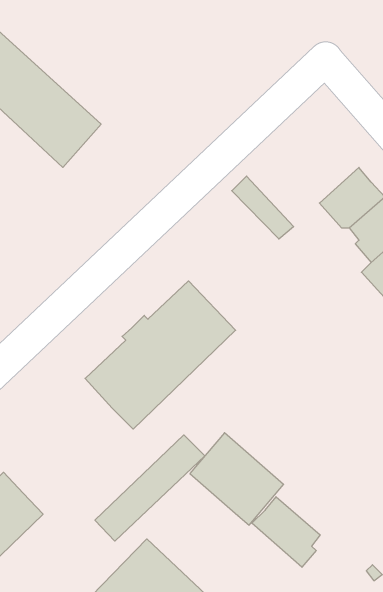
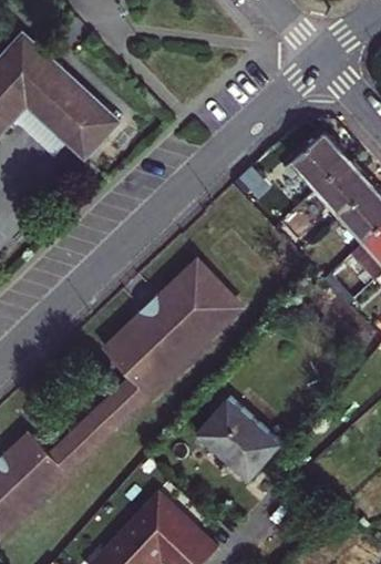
building: none -> [282,133,349,193]
building: [95,435,205,541] -> [48,377,146,472]
building: [252,497,320,567] -> none

